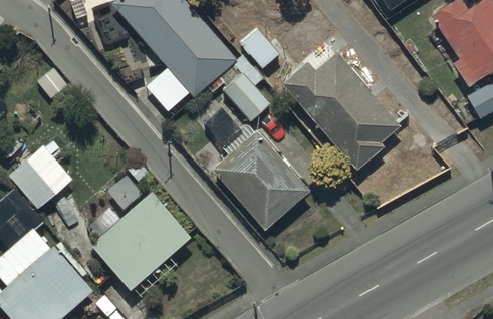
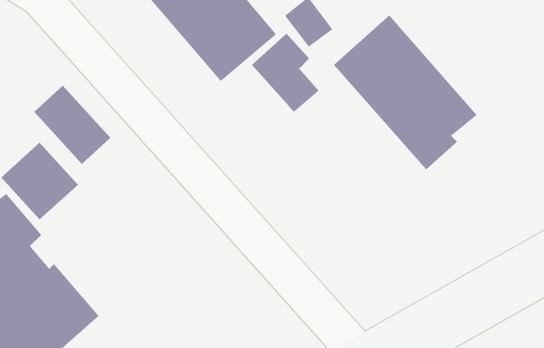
building: none -> [34,85,111,165]
building: [212,126,310,230] -> none
building: [90,193,191,291] -> none

